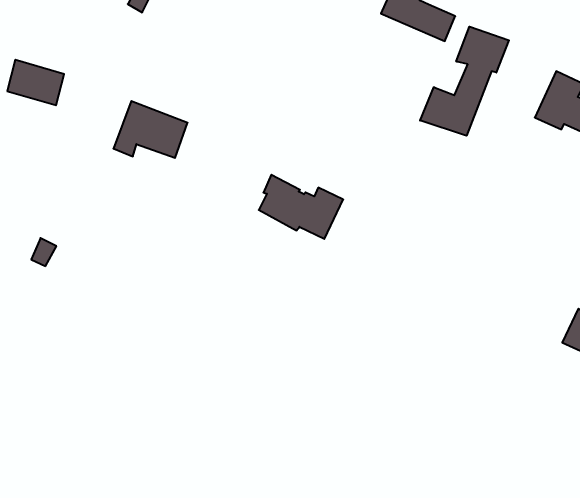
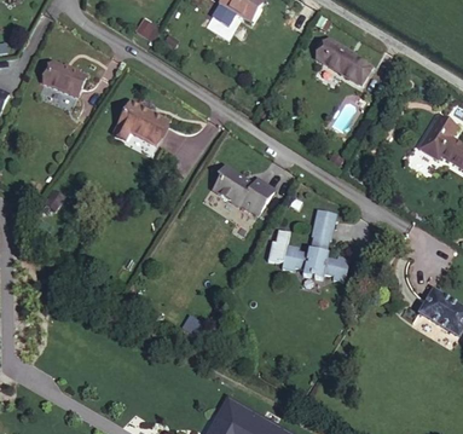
building: [420,27,509,136] -> none
building: none -> [270,212,349,284]

